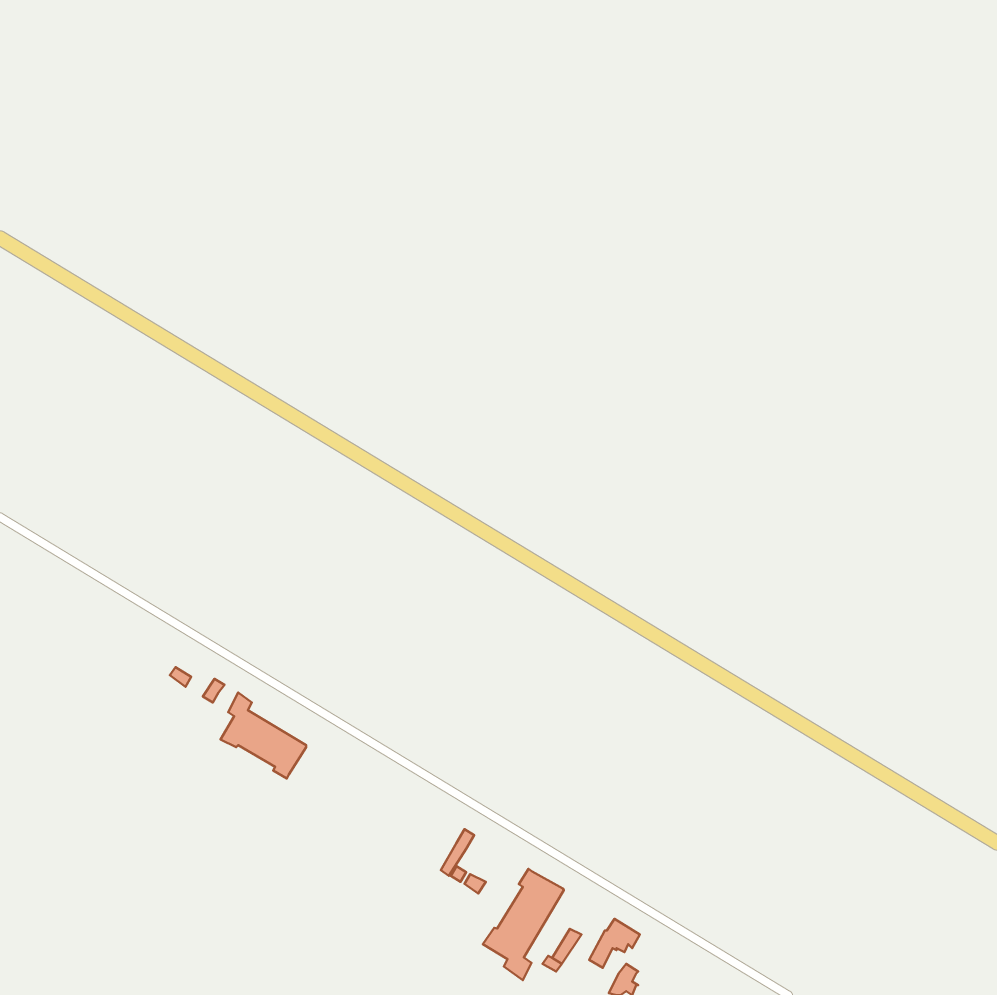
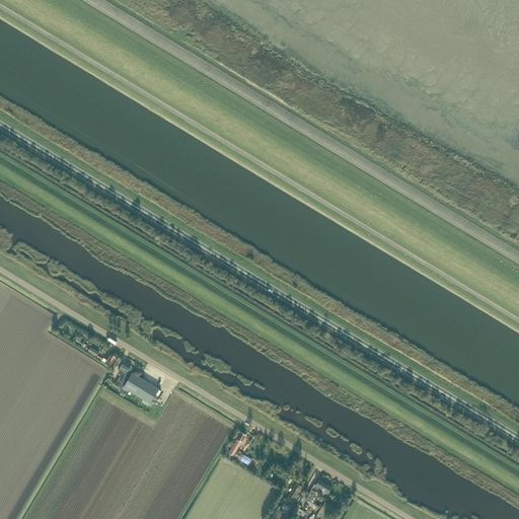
building: [483,869,564,980] -> none

